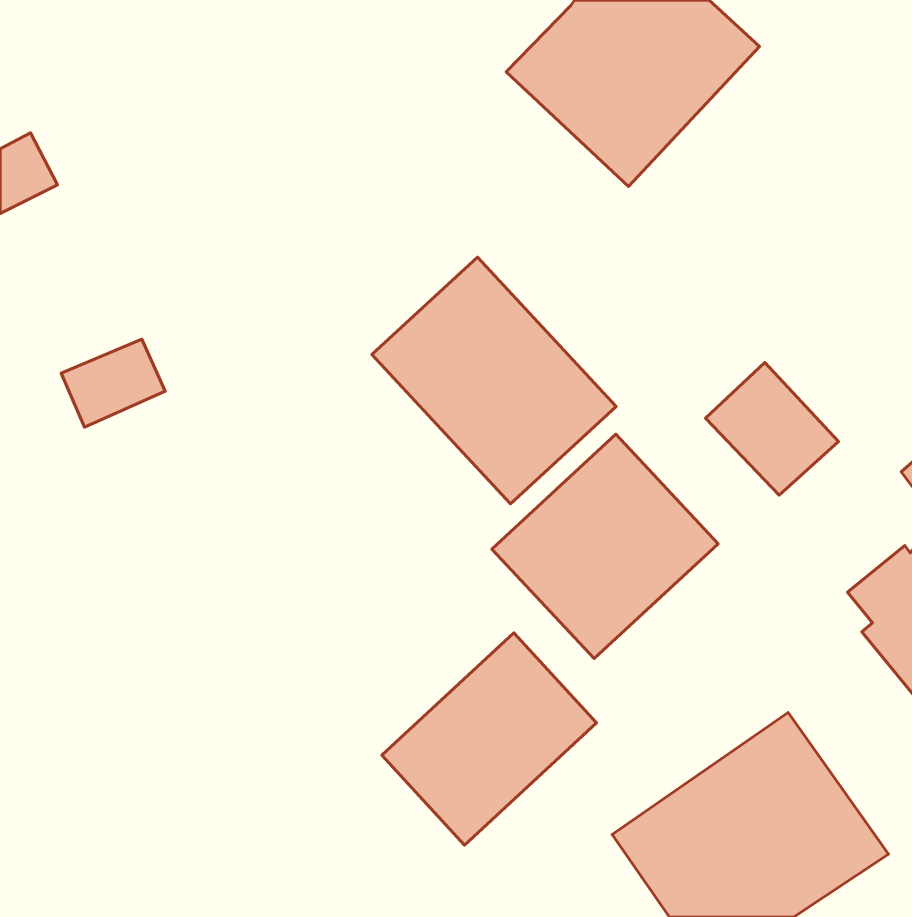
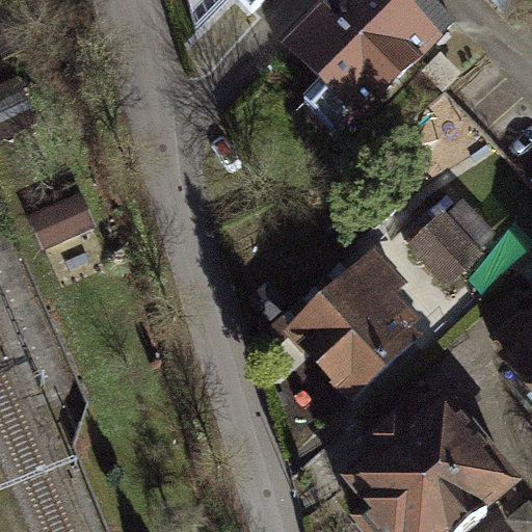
building: [372,257,616,504] -> none
building: [382,633,597,845] -> none

